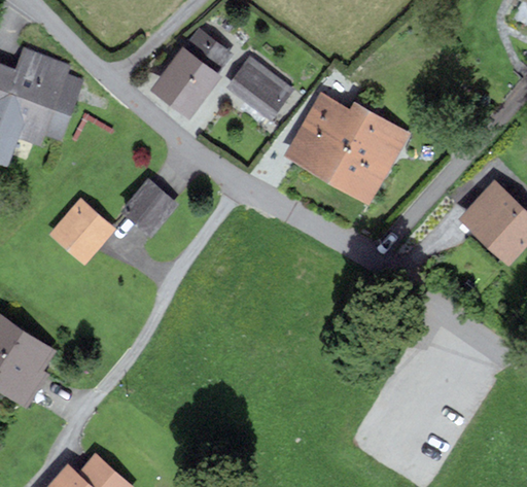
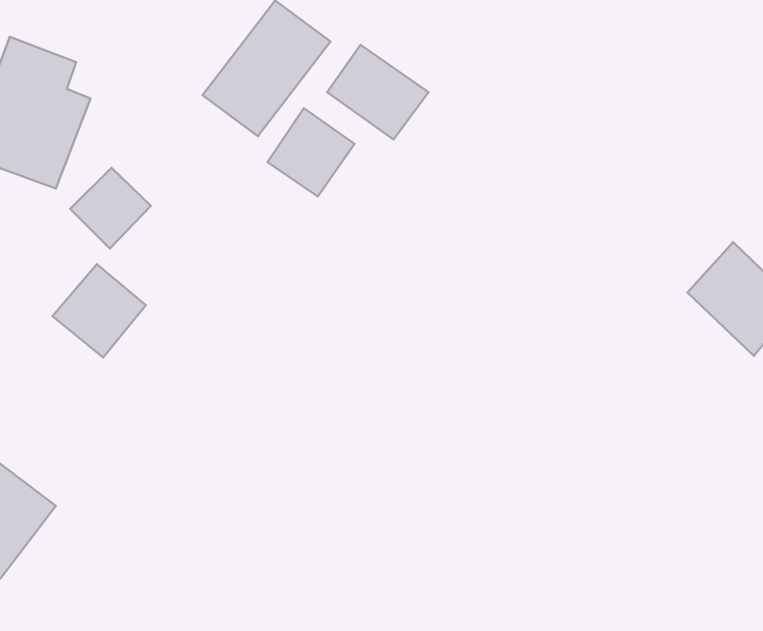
building: [282,94,407,206] -> none
building: none -> [267,108,355,196]
building: [122,177,175,230] -> [70,168,151,248]

